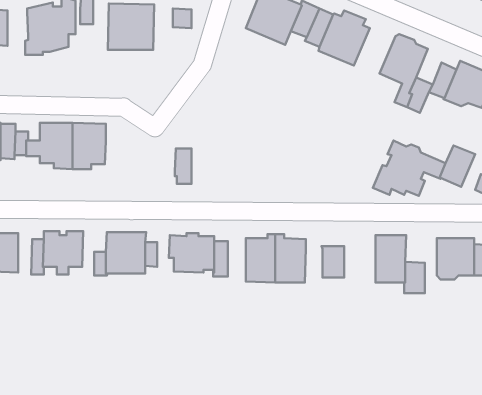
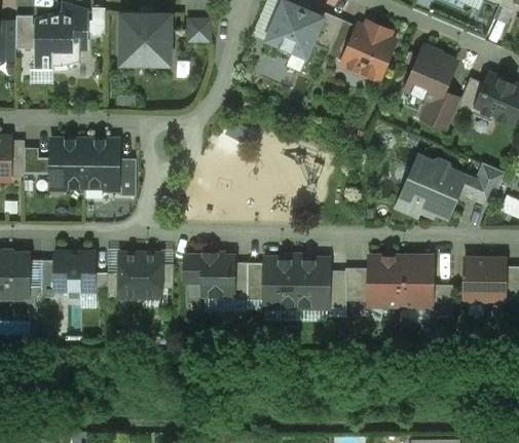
building: none -> [16,15,38,48]
building: [175,148,192,184] -> [118,158,136,195]
building: none -> [368,255,401,305]
building: none -> [247,262,265,299]
building: none -> [326,270,346,307]

